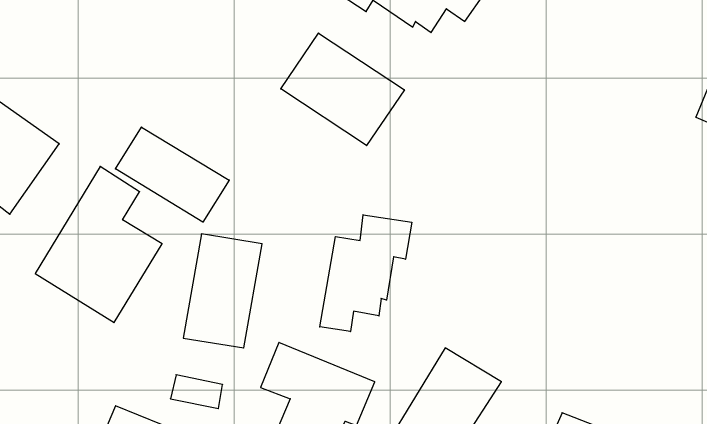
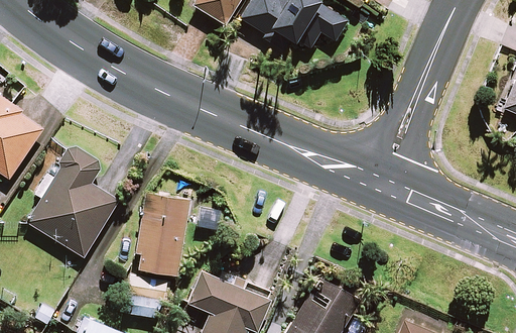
building: [281,33,404,146] -> none
building: [115,127,229,222] -> none
building: [320,215,412,332] -> none

